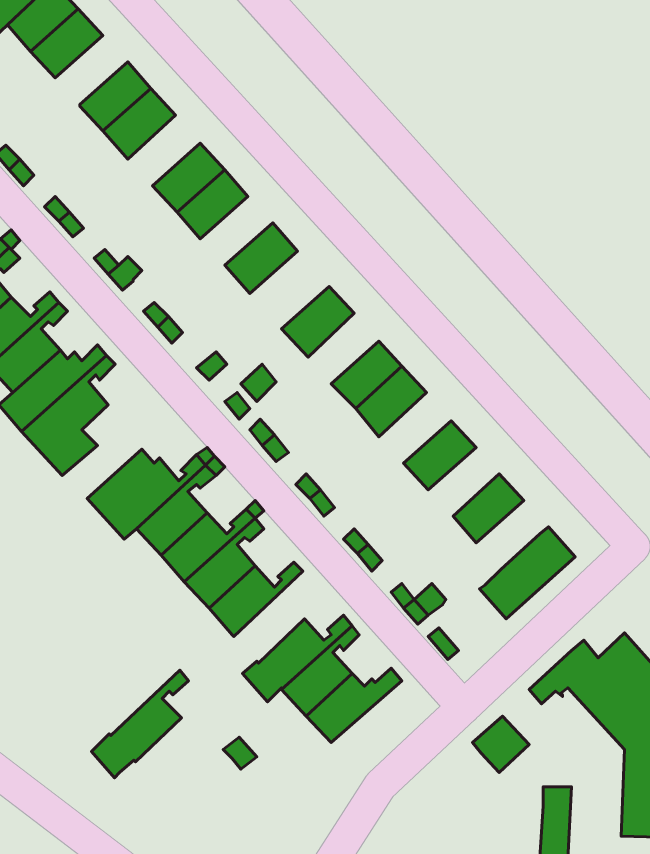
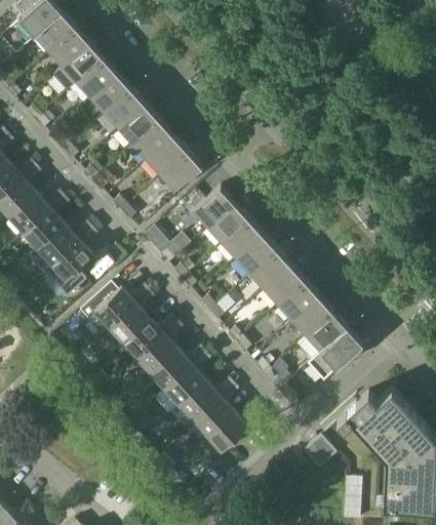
building: none -> [51,42,104,92]
building: none -> [104,88,146,129]
building: none -> [146,135,188,175]
building: none -> [208,203,249,244]
building: none -> [249,249,291,290]
building: none -> [278,281,319,321]
building: none -> [296,312,348,361]
building: [91,670,189,778] -> [154,353,210,415]

